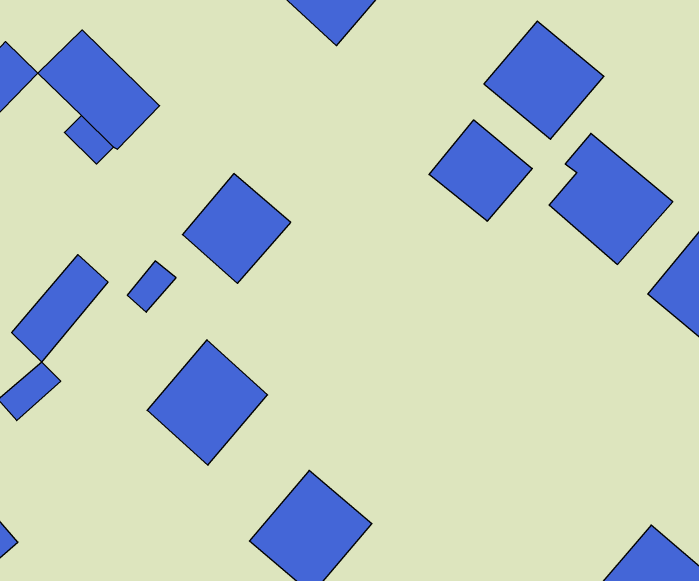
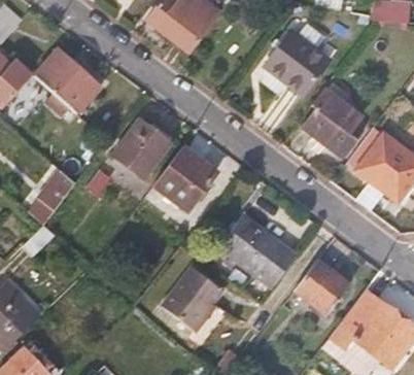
building: [429,120,532,221] -> none
building: [147,340,268,465] -> [154,144,216,209]
building: none -> [221,215,294,283]
building: none -> [295,258,349,312]

